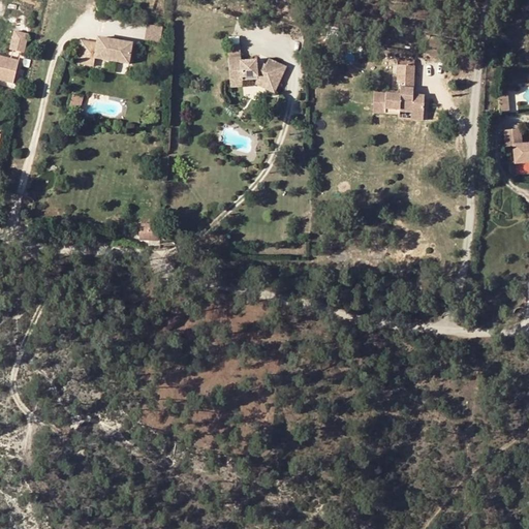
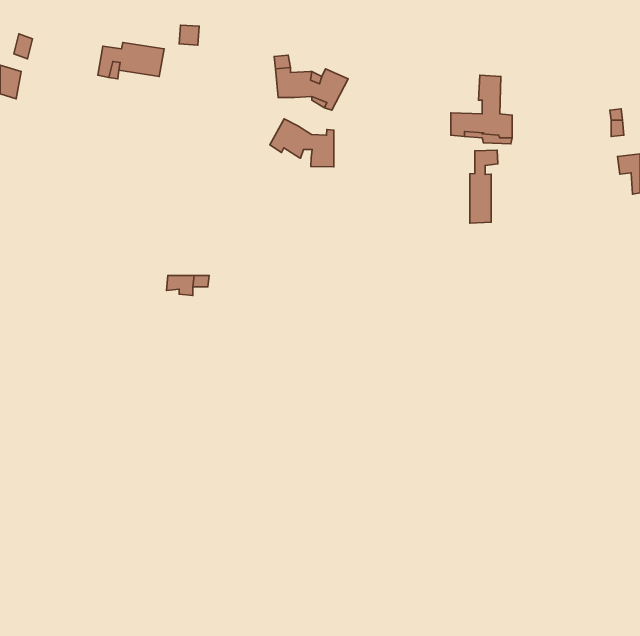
building: none -> [270,119,334,167]
building: none -> [470,150,498,223]

